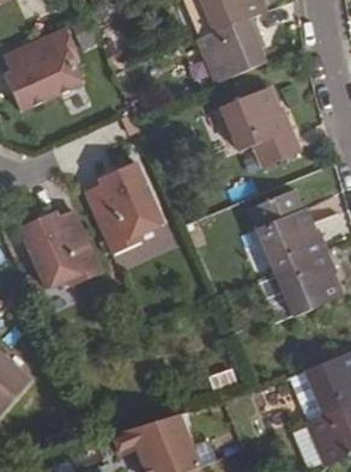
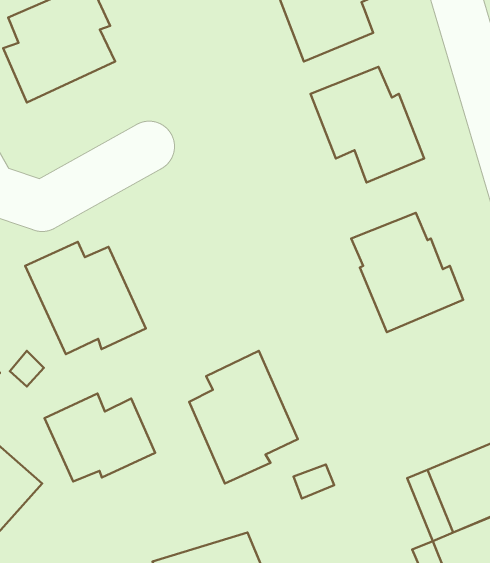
building: [87,161,164,254] -> [189,351,298,483]
building: [274,250,341,316] -> none
building: none -> [44,394,155,481]

